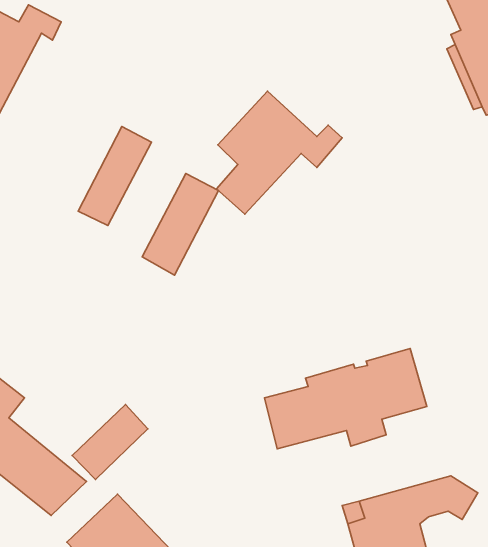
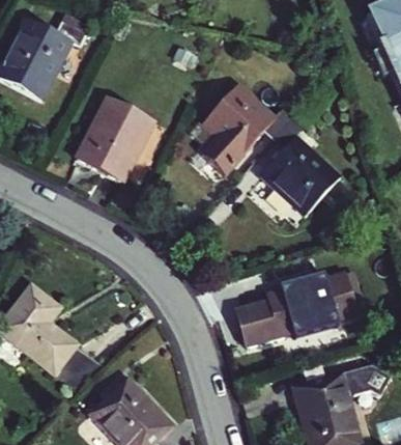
building: none -> [261,92,341,215]
building: [142,173,218,275] -> [76,95,132,170]
building: [72,404,148,480] -> none

